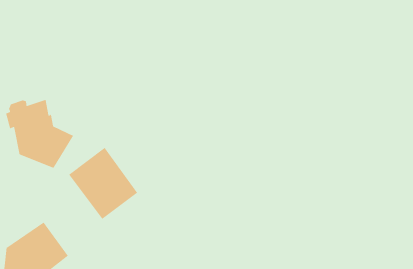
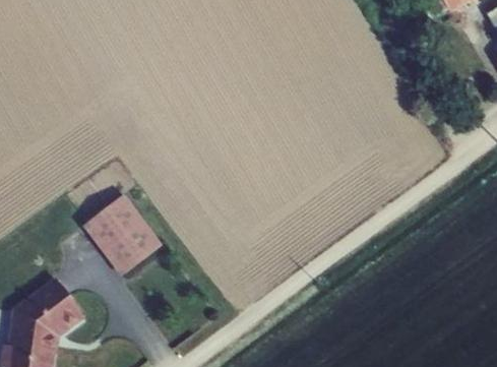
building: [5,99,74,169] -> none

